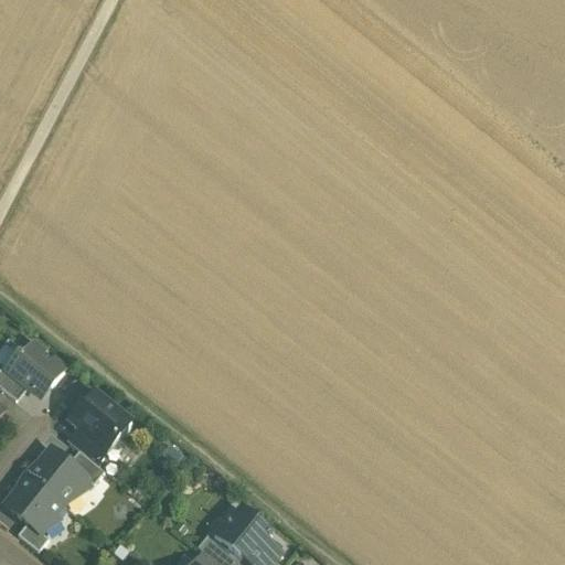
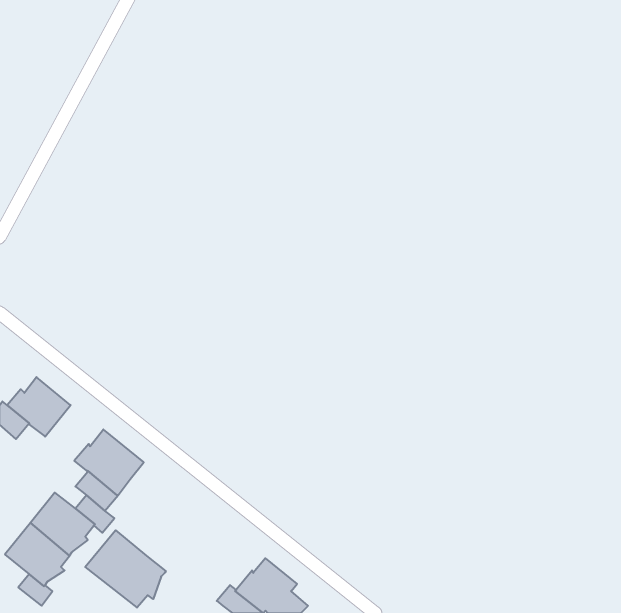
building: none -> [85,530,166,608]

